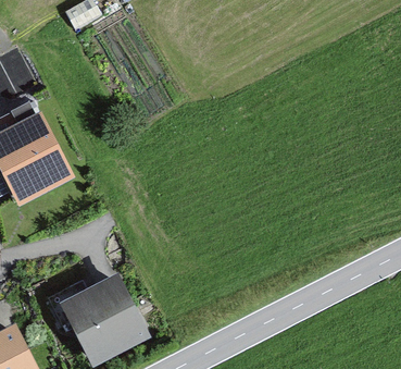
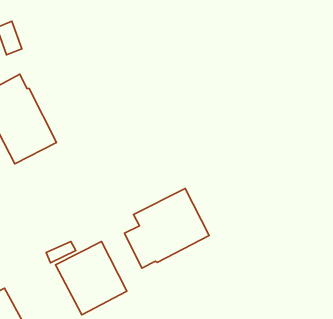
building: none -> [124,188,209,268]

